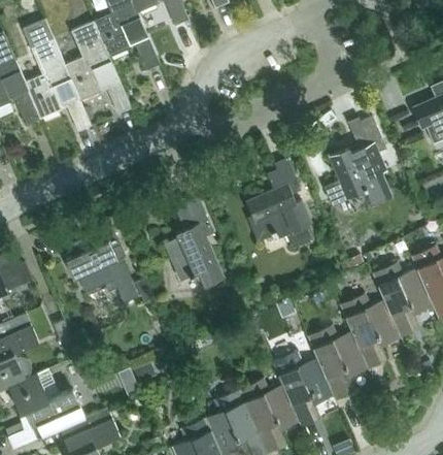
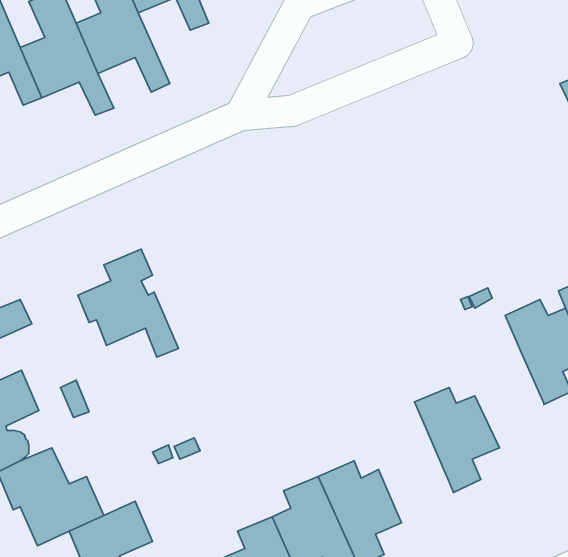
building: [323,118,390,206] -> none
building: [245,158,312,249] -> none
building: [164,197,223,288] -> none
building: [339,294,400,369] -> none
building: [272,352,333,427] -> none

